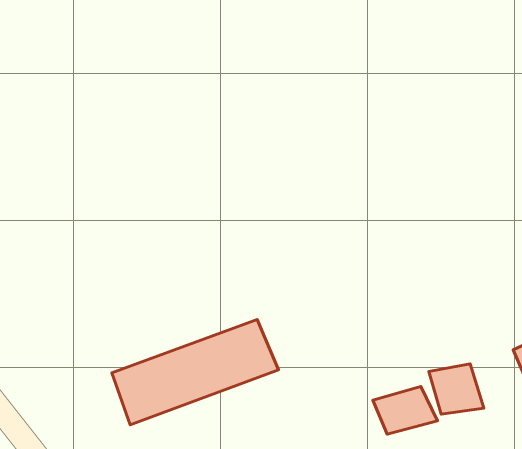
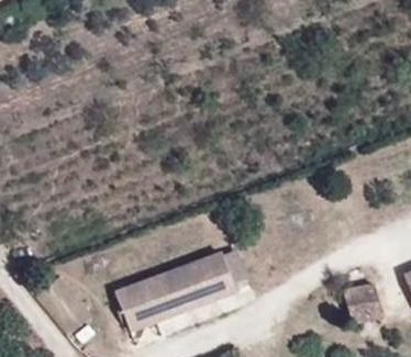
building: [373,387,438,434] -> none

